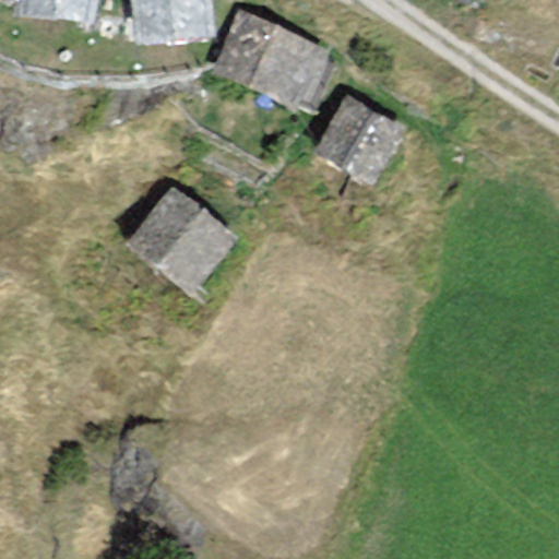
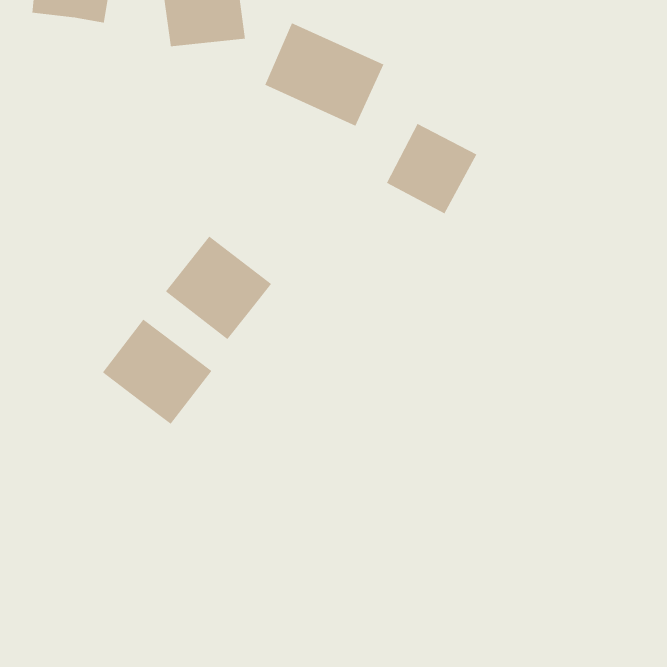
building: none -> [102,319,212,425]

